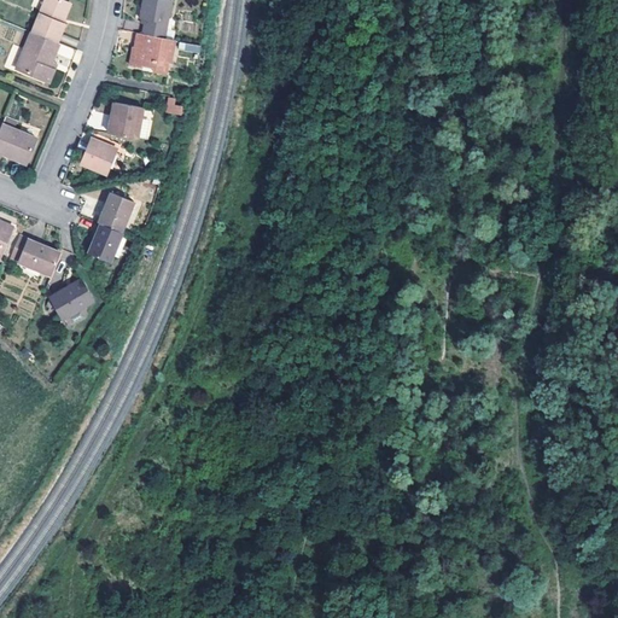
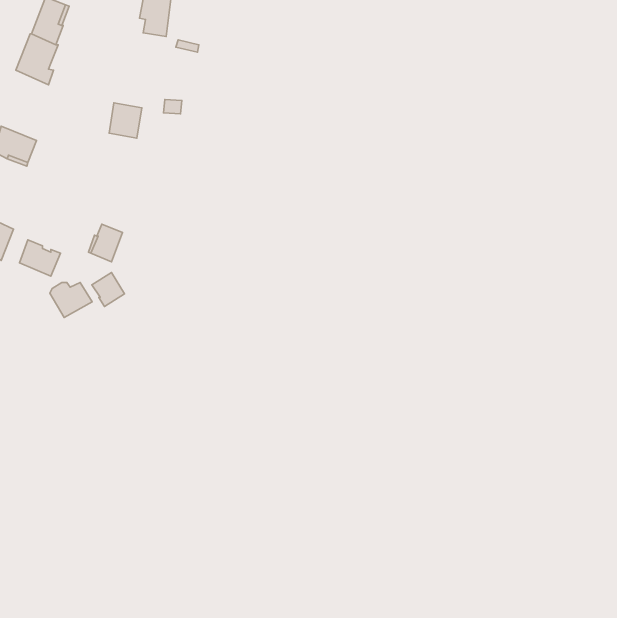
building: [130,33,174,71] -> none
building: [76,139,117,174] -> none
building: [99,193,135,232] -> none
building: none -> [92,272,124,306]

